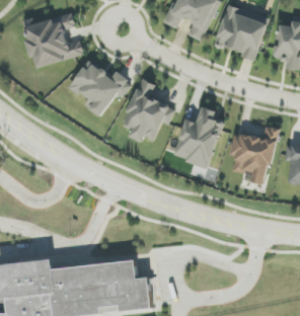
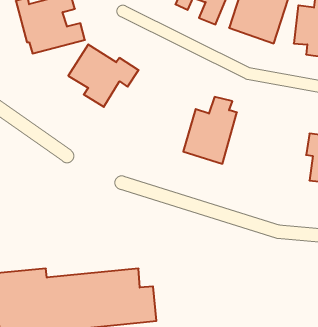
building: [121,77,174,140] -> none
building: [229,124,278,183] -> none

